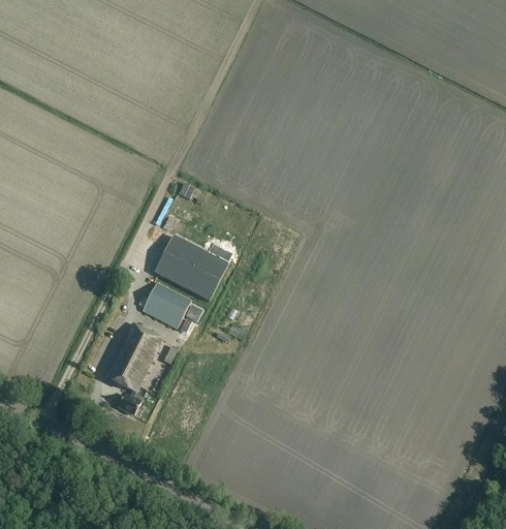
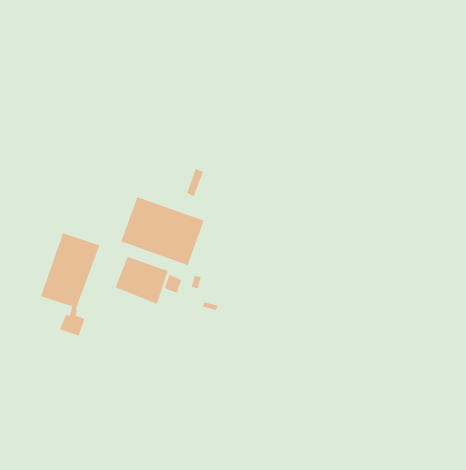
building: [106,324,164,416] -> [40,233,100,336]

